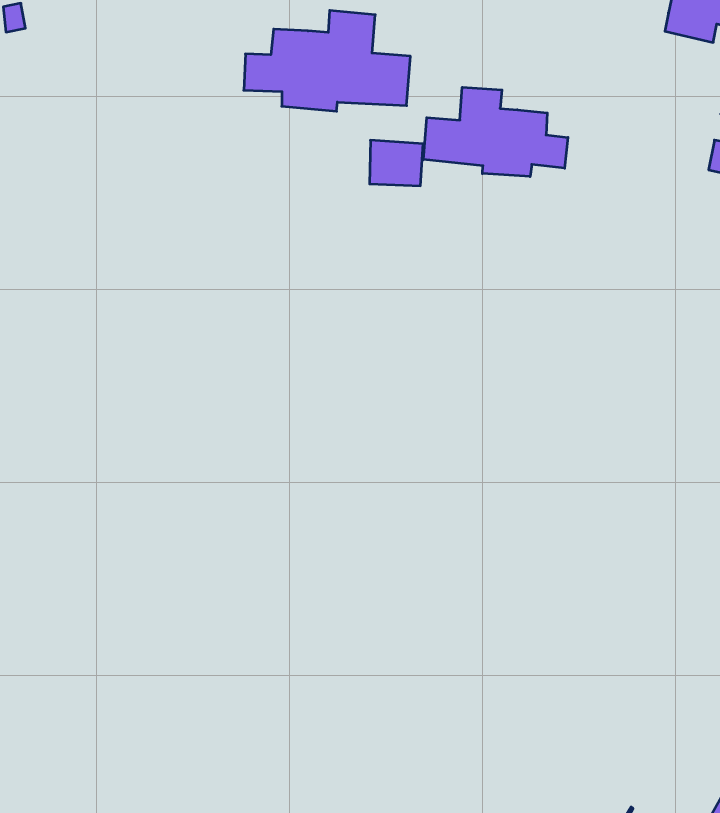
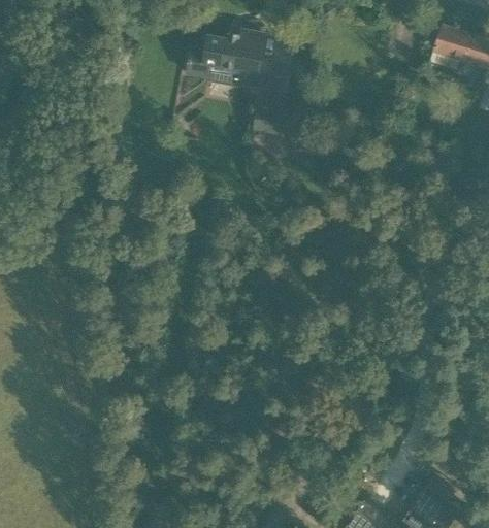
building: [423,87,568,177] -> none

